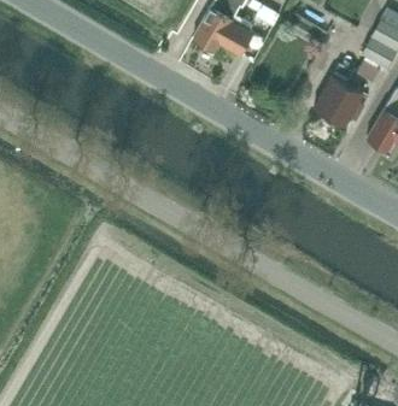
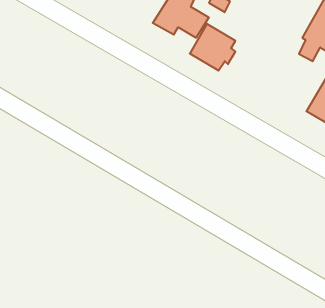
building: [312,76,364,129] -> [190,24,235,71]

